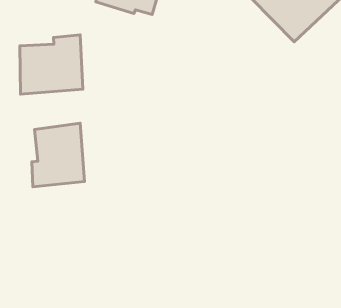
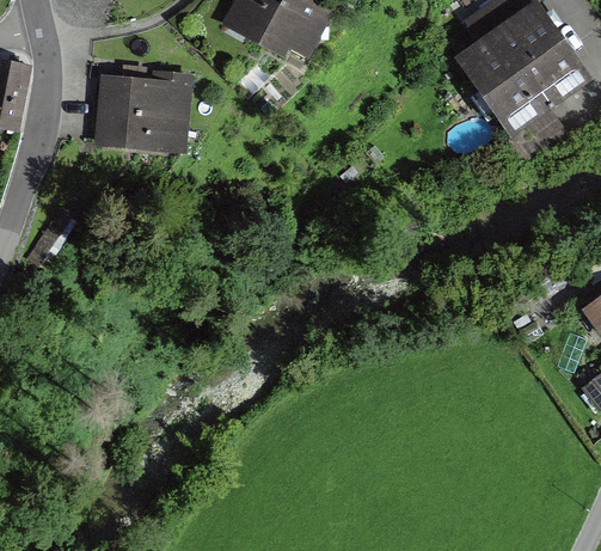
building: [32,123,85,187] -> none

